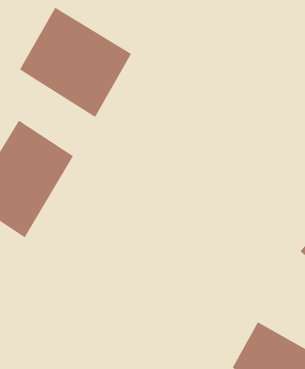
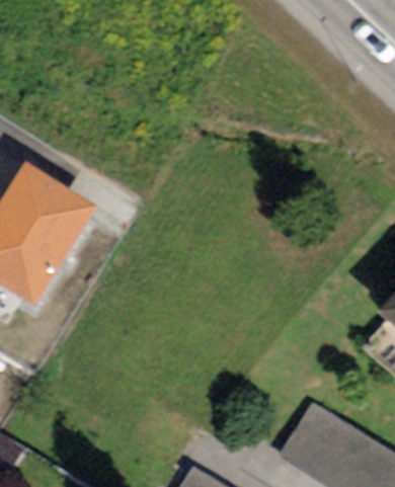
building: [19,7,132,118] -> none

